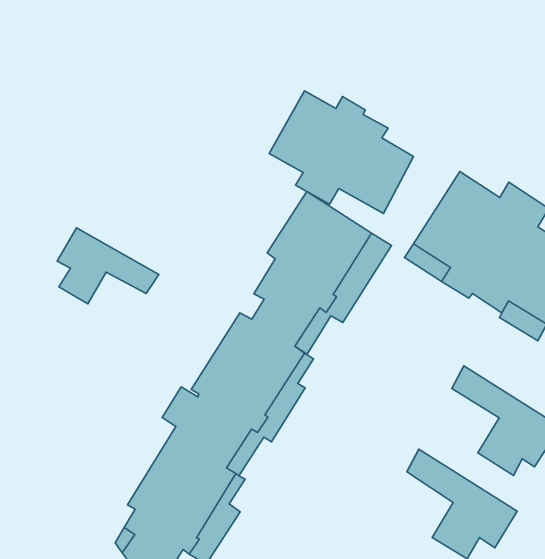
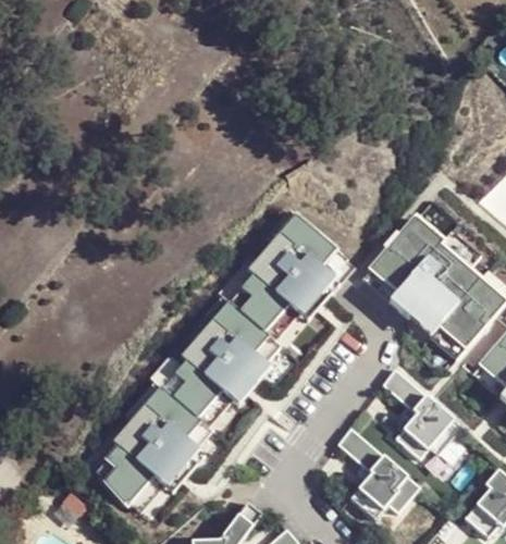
building: [269,91,414,214] -> none
building: [57,228,159,304] -> none

